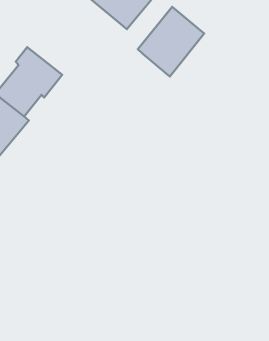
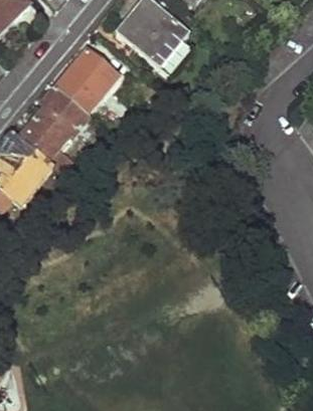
building: [138,7,204,77] -> none
building: none -> [56,47,119,111]

